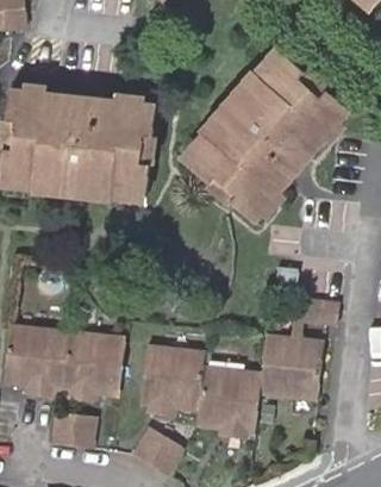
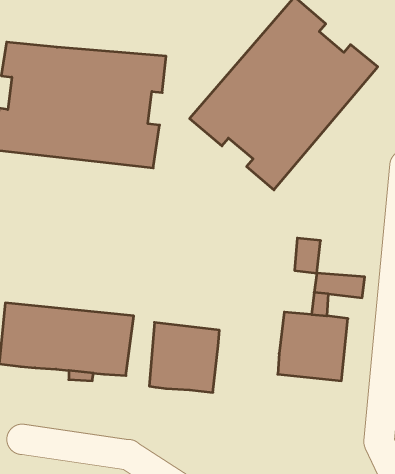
building: [196,367,260,431] -> none
building: [51,413,98,447] -> none
building: [133,427,185,474] -> none

